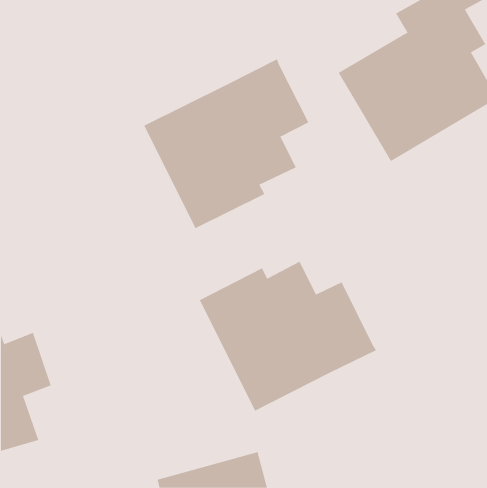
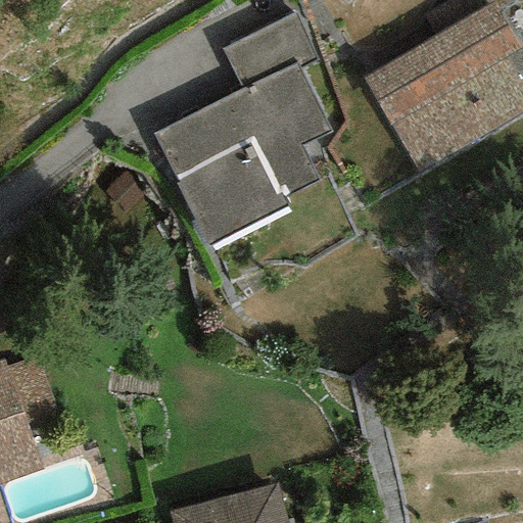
building: none -> [223,11,319,90]
building: [199,261,377,411] -> none

